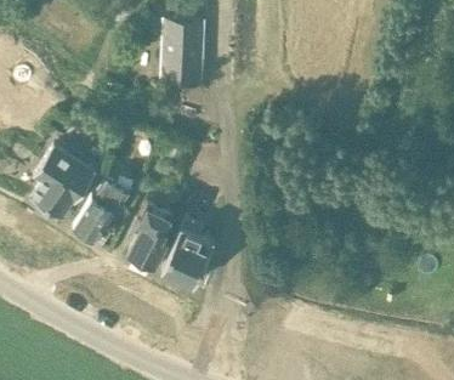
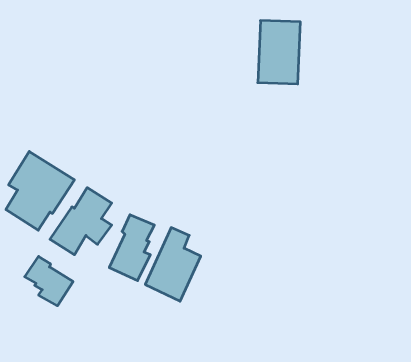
building: [161,21,202,80] -> [258,21,300,84]
building: none -> [25,256,73,306]

